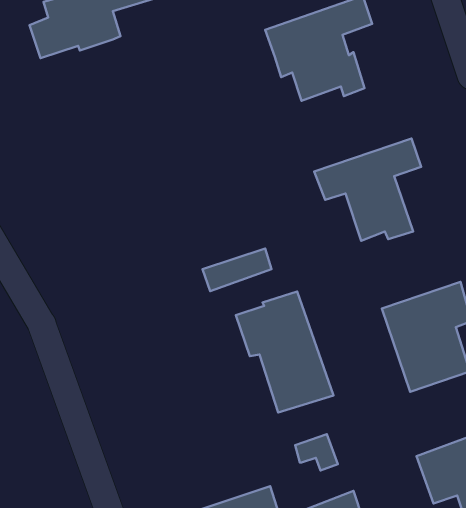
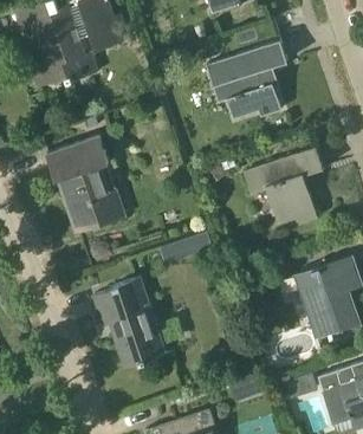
building: none -> [46,136,114,232]
building: [236,292,333,413] -> [92,278,166,369]

